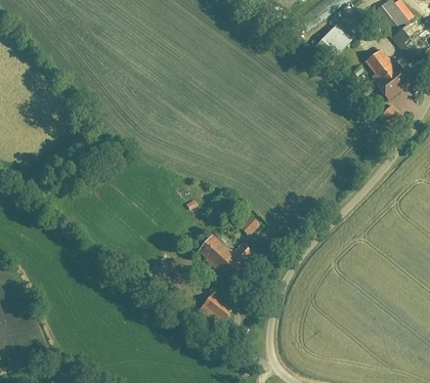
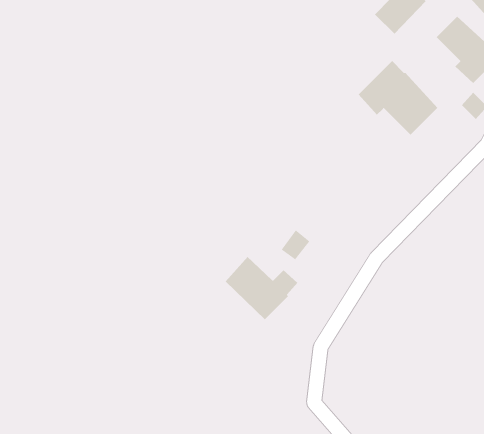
building: none -> [358,60,438,135]
building: [200,293,235,328] -> none

